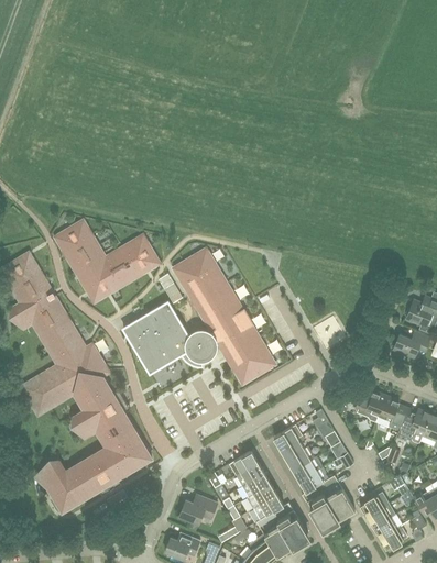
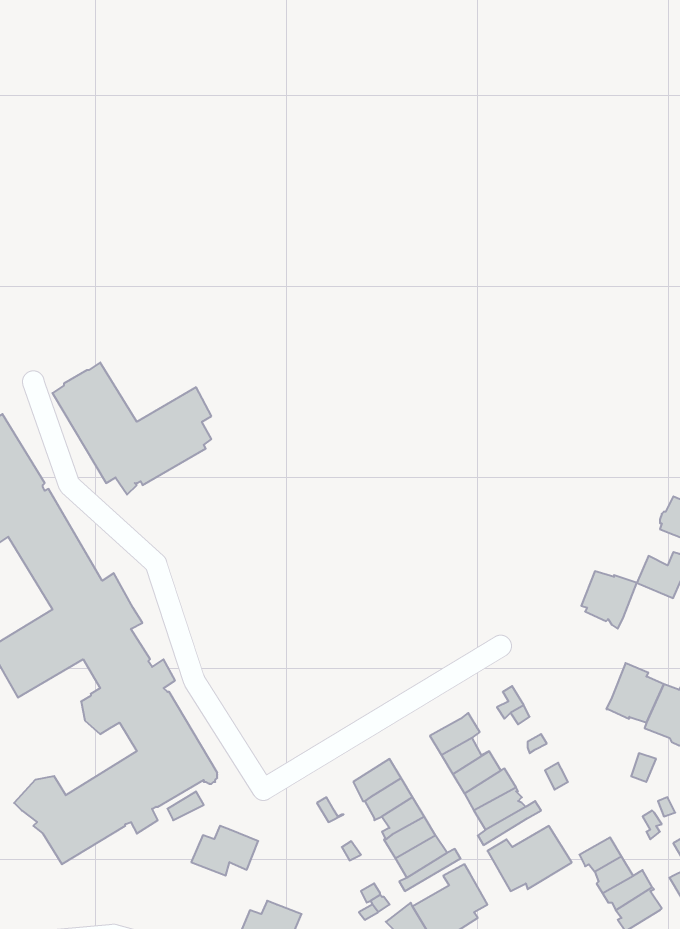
building: [123,249,275,384] -> none
building: [354,389,386,422] -> [581,571,637,629]
building: [179,495,218,523] -> [191,826,258,876]

